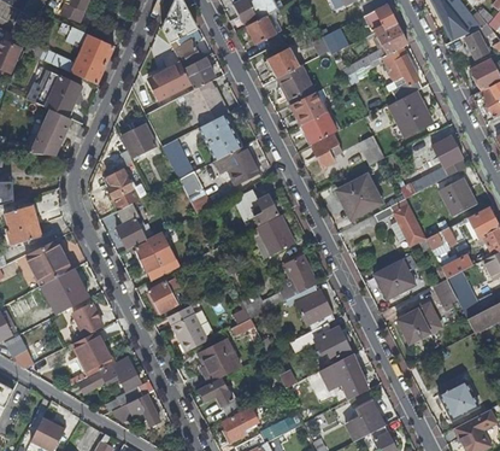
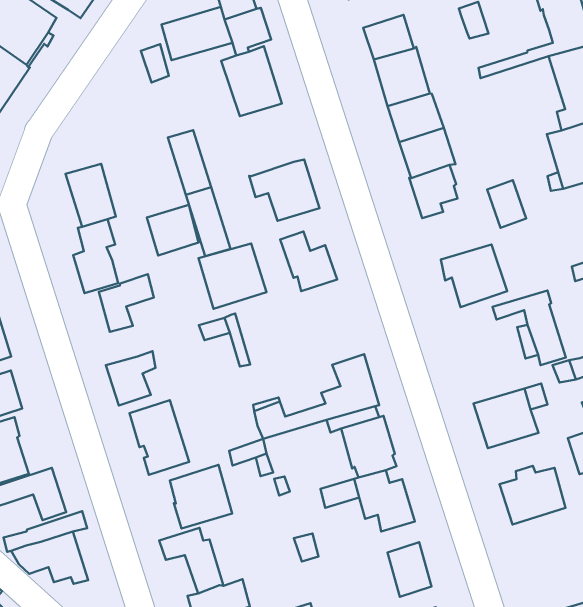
building: [199,115,240,160] -> none
building: [122,123,155,157] -> [147,205,198,255]
building: [251,215,295,258] -> [198,243,267,309]

